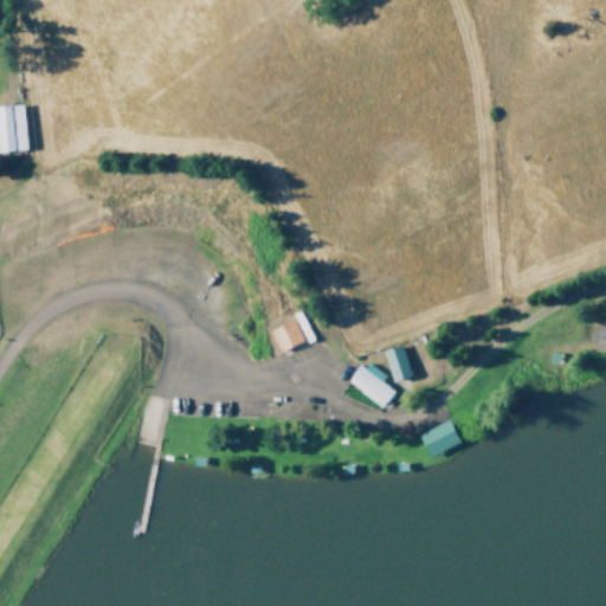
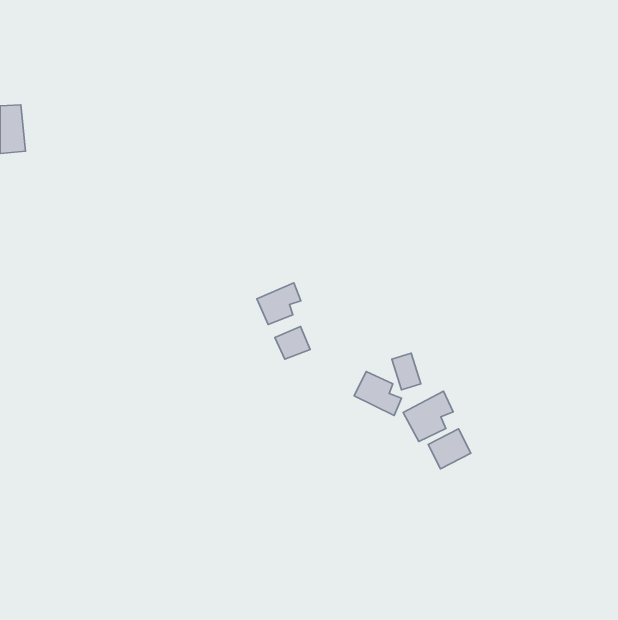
building: none -> [257,283,301,325]
building: none -> [403,391,453,442]

